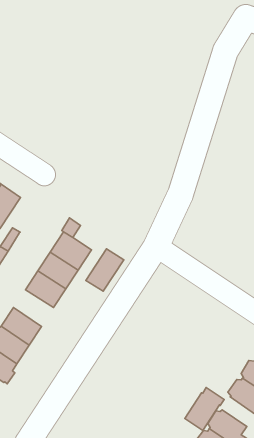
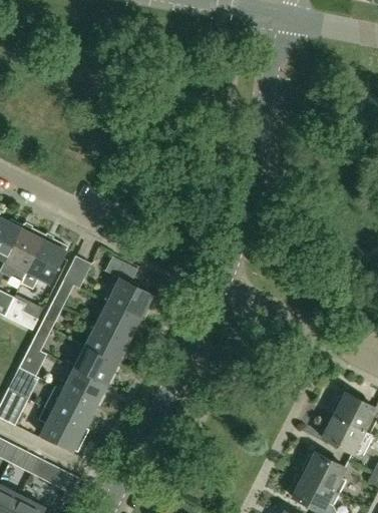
building: none -> [63,255,92,290]
building: [86,249,124,291] -> none
building: none -> [74,347,118,385]
building: [185,387,224,431] -> none

